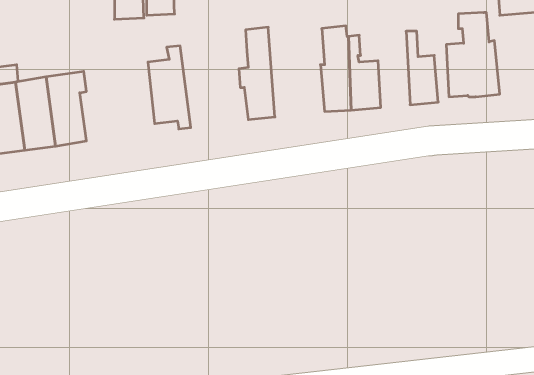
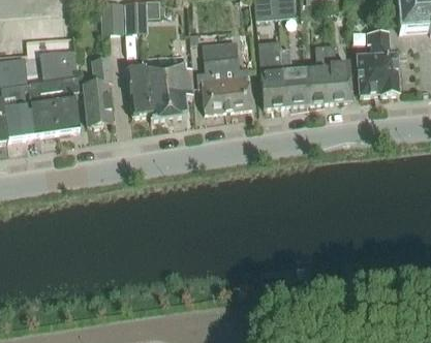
building: none -> [220,39,252,110]
building: none -> [305,43,330,102]
building: none -> [41,50,78,79]
building: none -> [152,54,193,118]
building: none -> [84,56,114,126]

